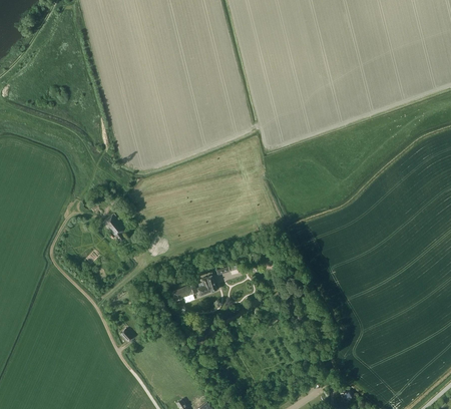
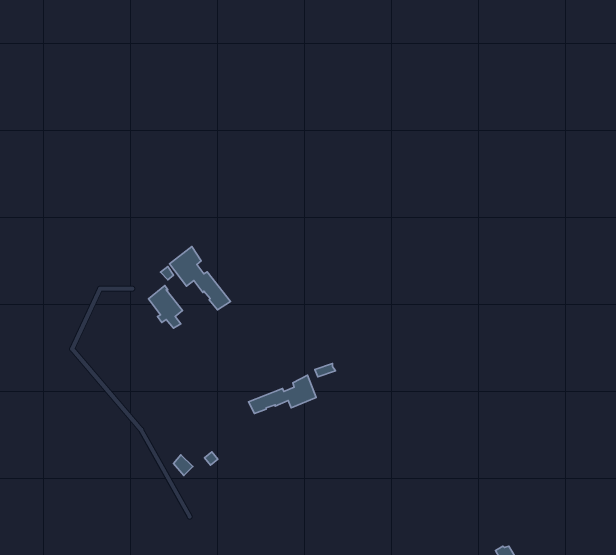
building: none -> [169,247,231,310]

